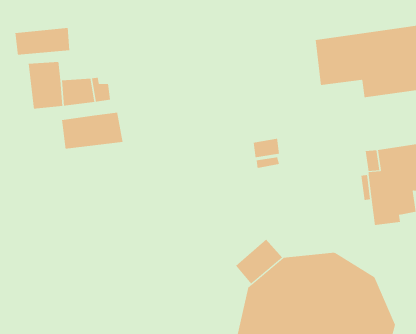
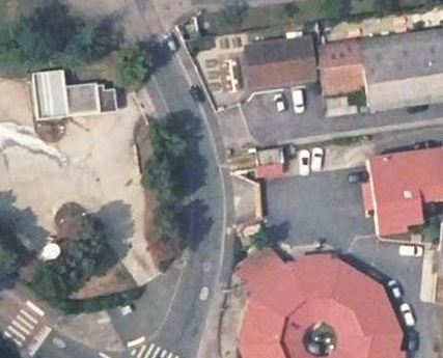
building: [15,27,70,55] -> none
building: none -> [253,42,313,83]
building: [61,112,123,150] -> none

